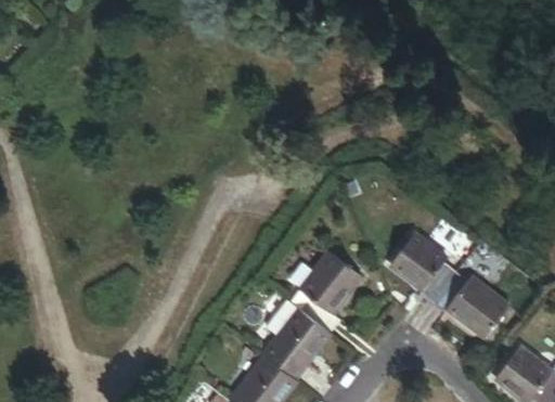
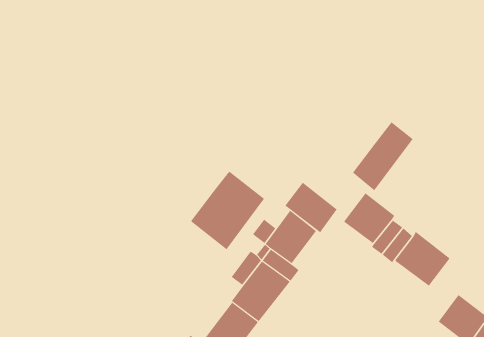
building: none -> [352,122,414,191]
building: none -> [190,171,265,250]
building: none -> [284,182,338,233]

